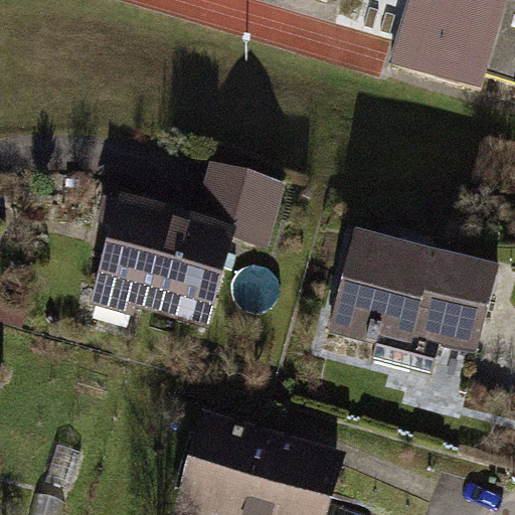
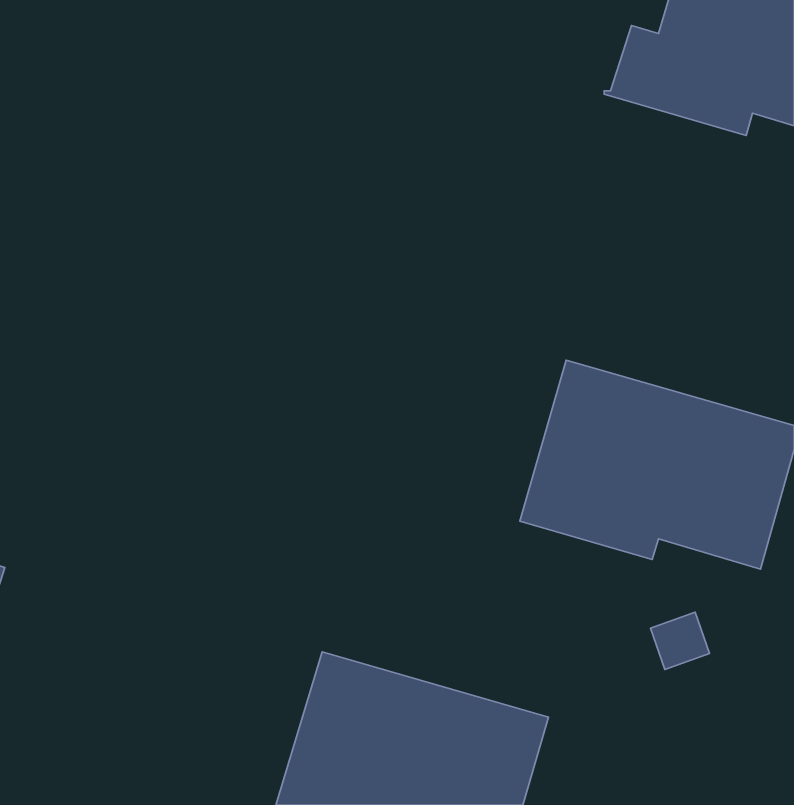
building: [87,161,283,331] -> none

